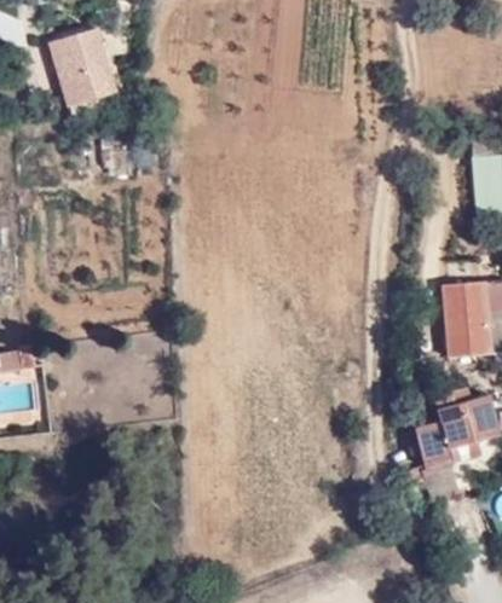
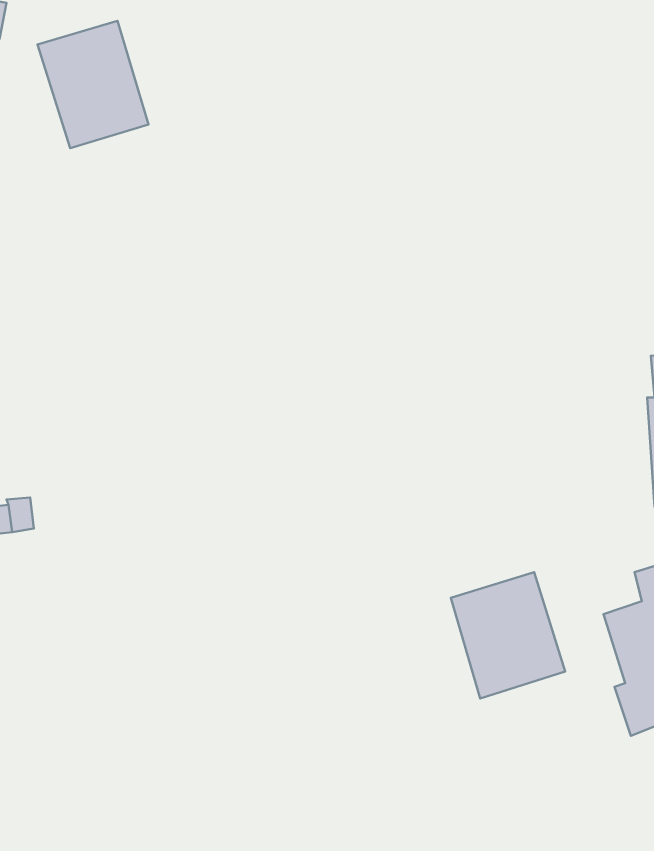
building: none -> [451,572,565,698]

